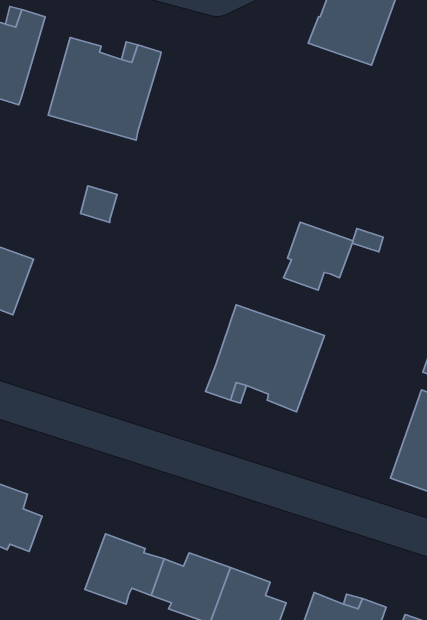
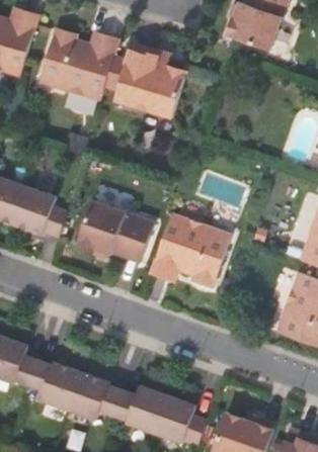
building: none -> [115,43,187,117]
building: [284,222,353,290] -> none
building: none -> [16,182,67,234]
building: none -> [75,200,153,262]
building: none -> [27,359,80,410]

